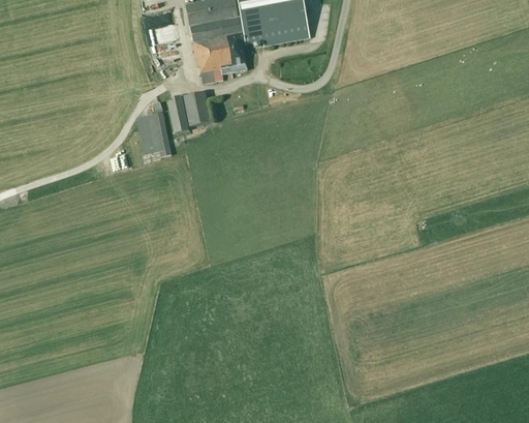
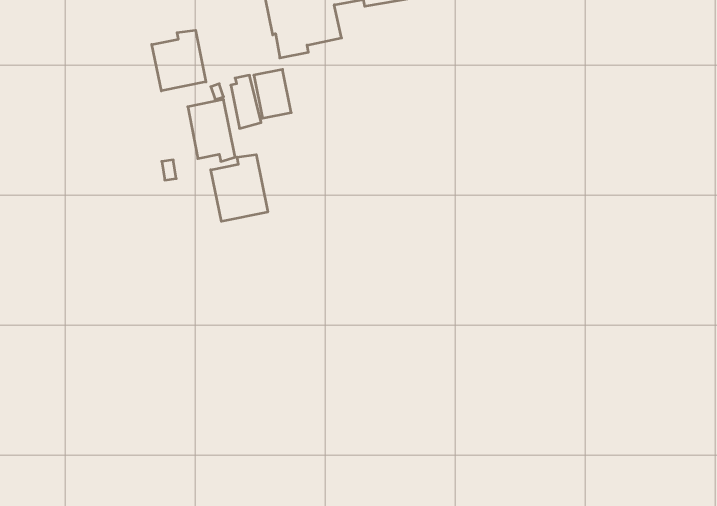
building: none -> [152,30,206,91]
building: none -> [211,155,268,221]

